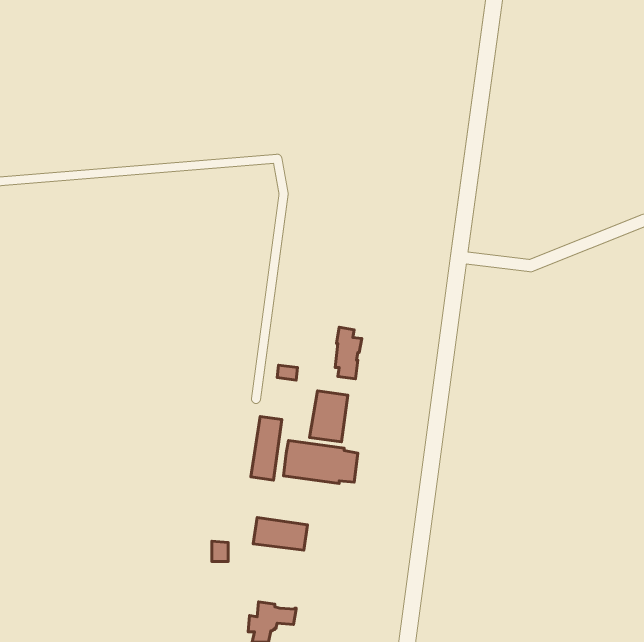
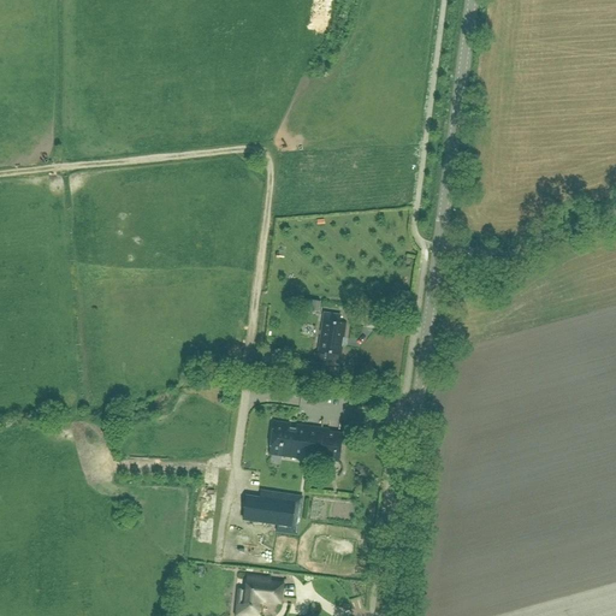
building: [310,391,348,442] -> none
building: [251,416,282,480] -> none

